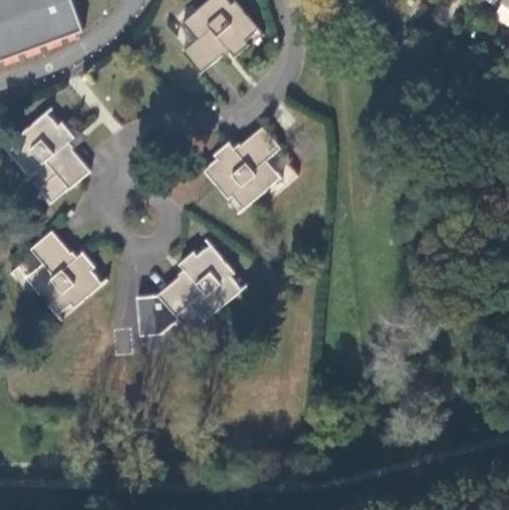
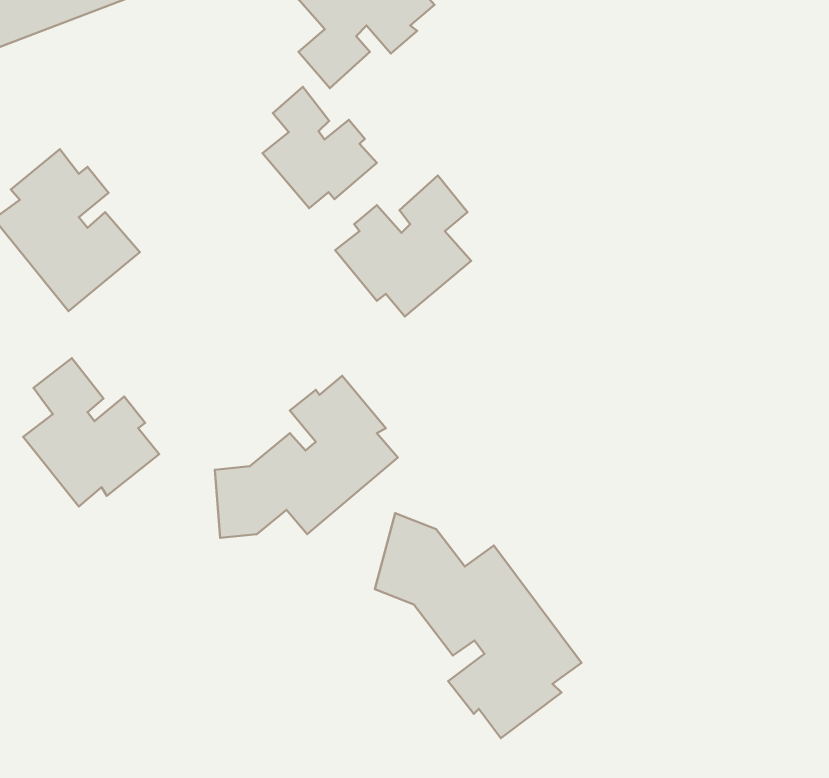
building: none -> [263,87,377,208]
building: none -> [375,513,582,738]

